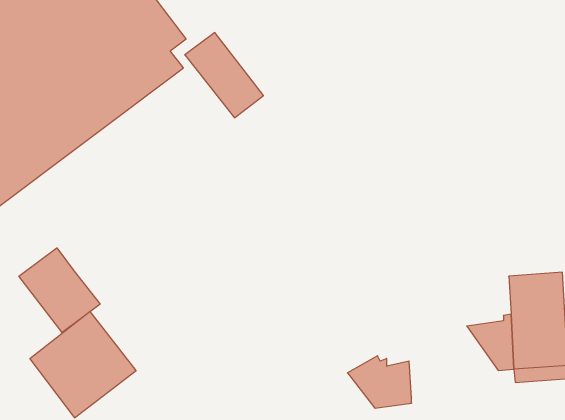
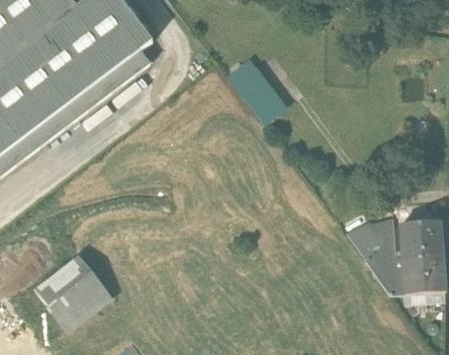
building: [185,33,263,118] -> [226,59,286,124]
building: [19,248,100,332] -> none
building: [347,356,412,408] -> [346,222,395,262]

